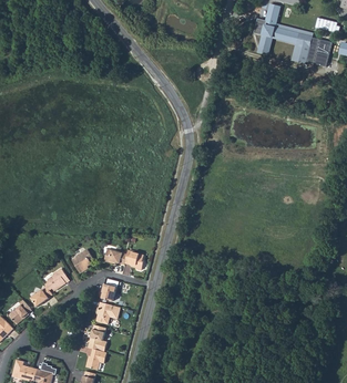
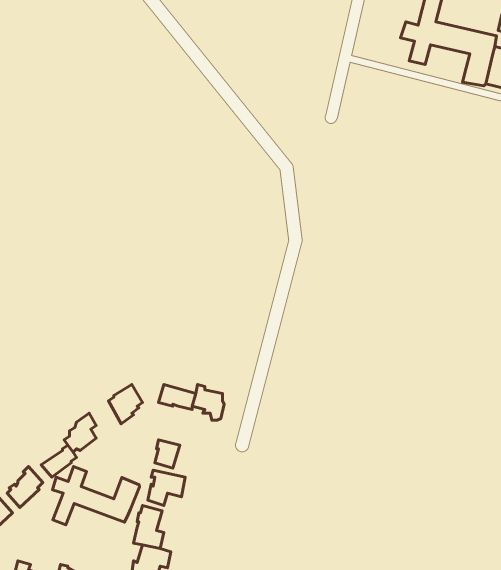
building: none -> [52,467,139,525]

